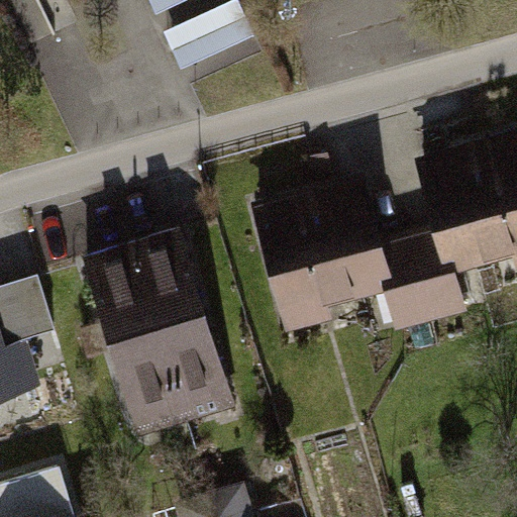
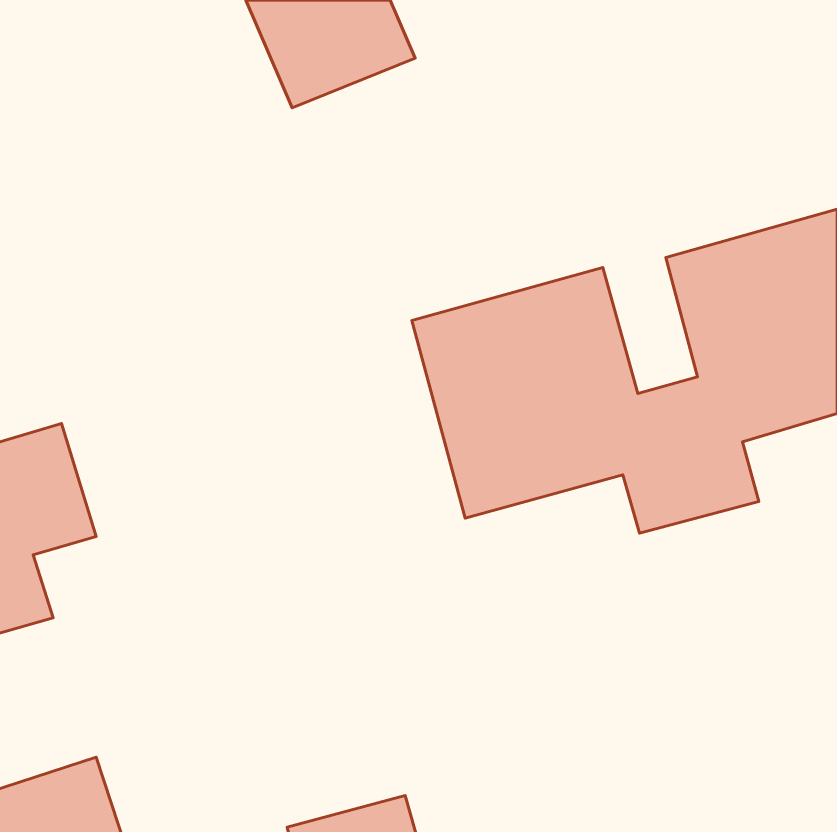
building: [88,236,233,439] -> none

